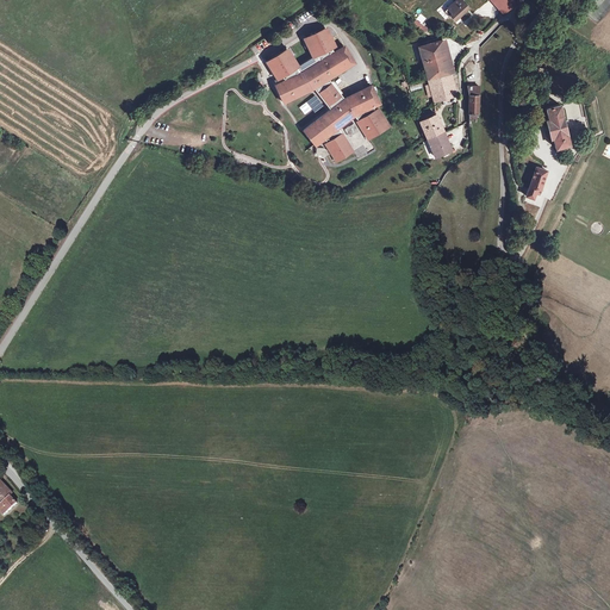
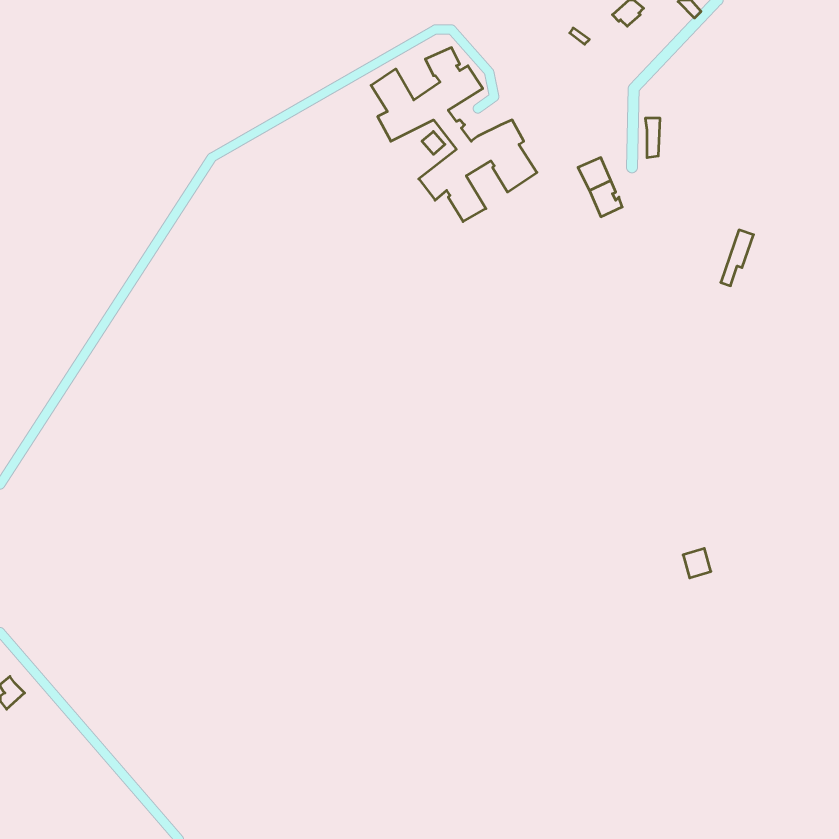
building: [418,39,458,102] -> none
building: [548,107,572,151] -> none

